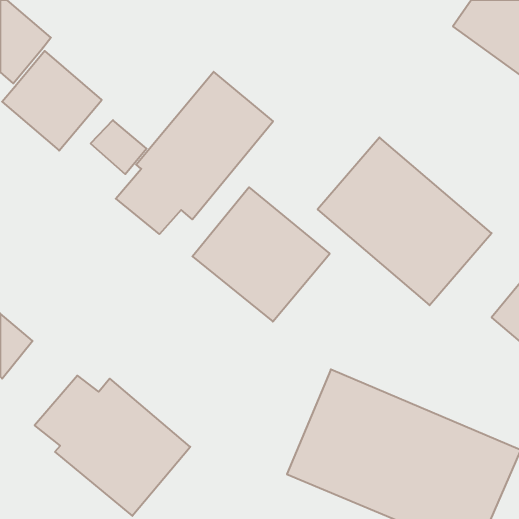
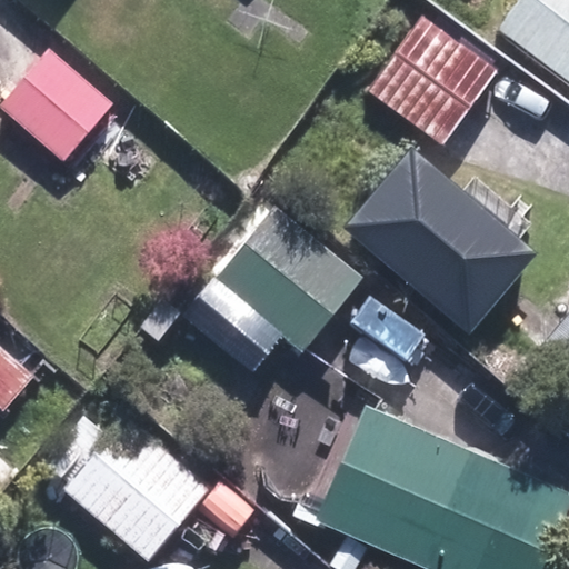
building: none -> [370,17,497,142]
building: [116,72,273,234] -> none

